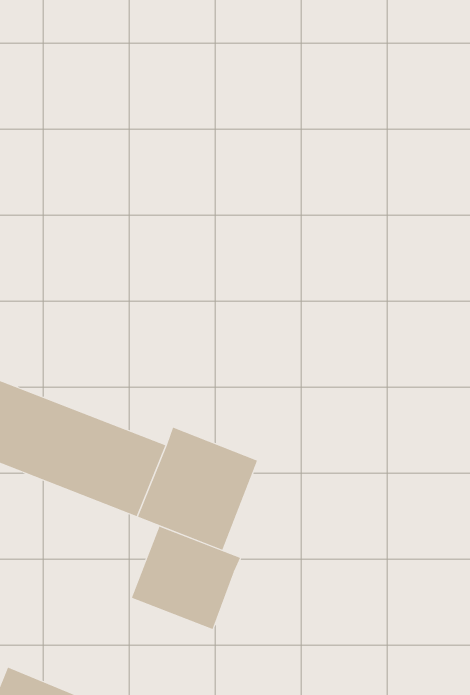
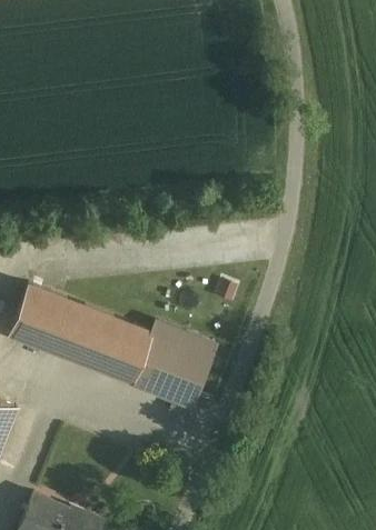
building: [131,526,241,630] -> none

